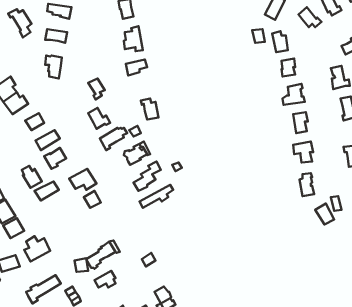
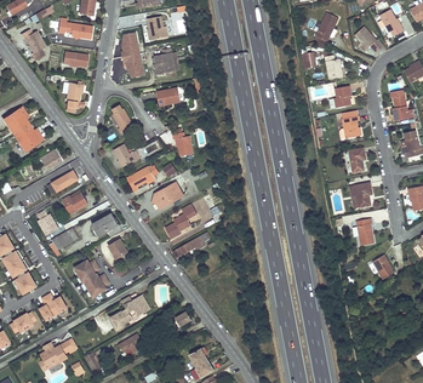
building: none -> [119,30,142,76]
building: none -> [74,263,108,298]

